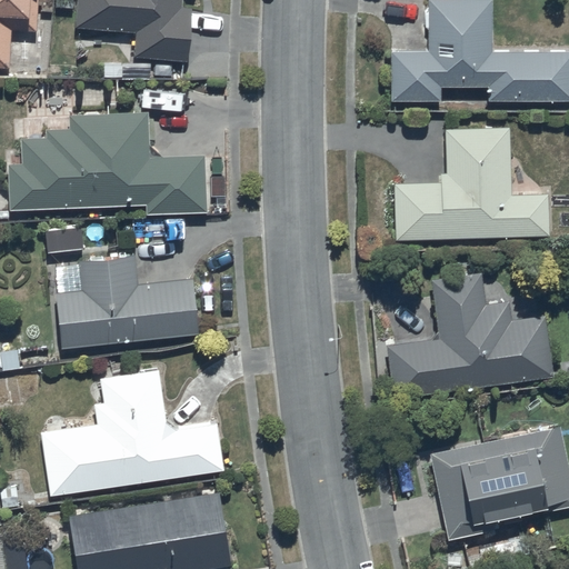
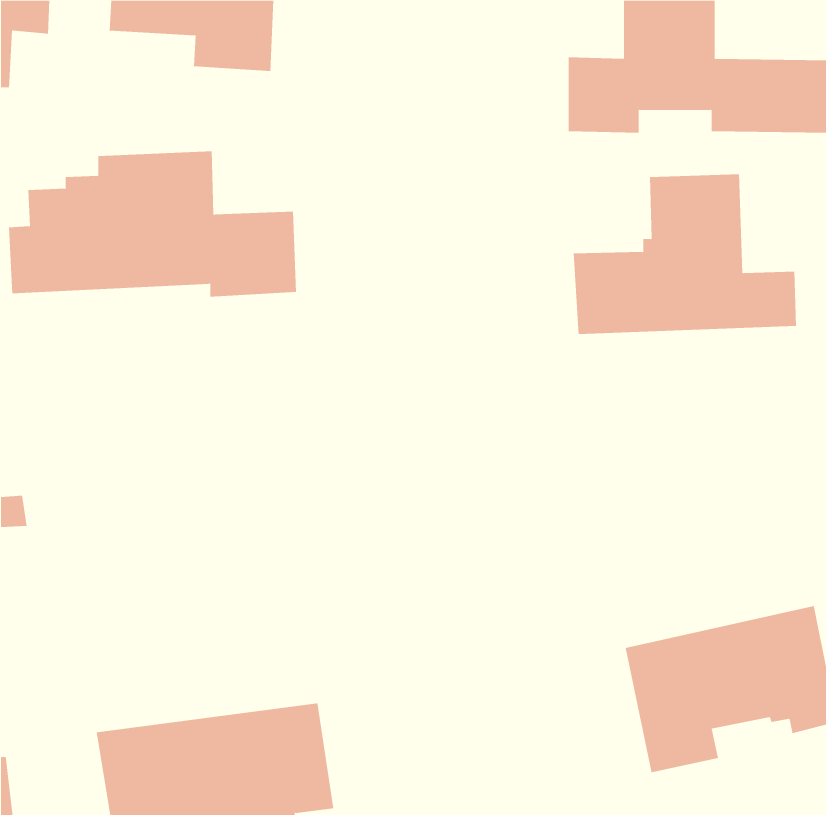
building: [57,253,199,348] -> none
building: [389,276,552,398] -> none
building: [40,369,224,497] -> none

